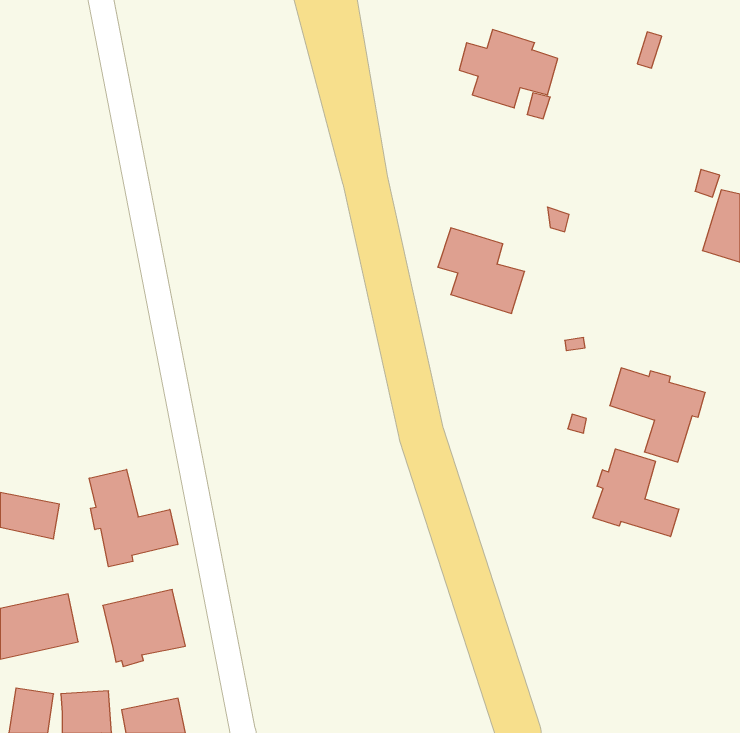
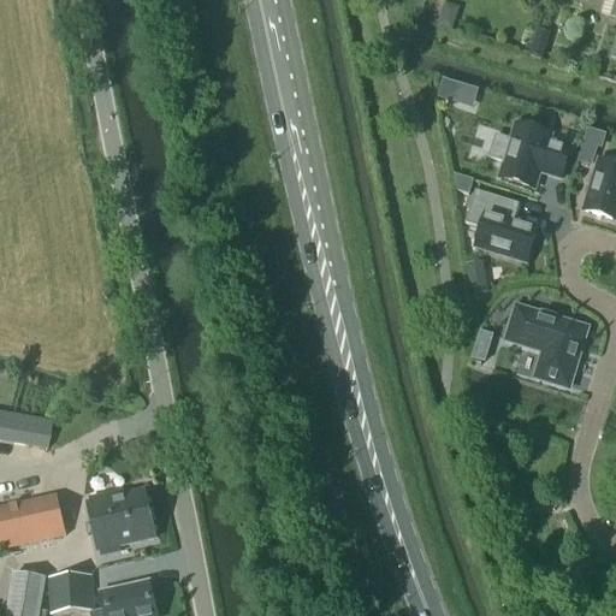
building: [459,30,558,108] -> [488,122,570,186]
building: [438,228,525,313] -> [464,189,537,260]
building: [593,449,679,537] -> none
building: [89,469,178,567] -> none

